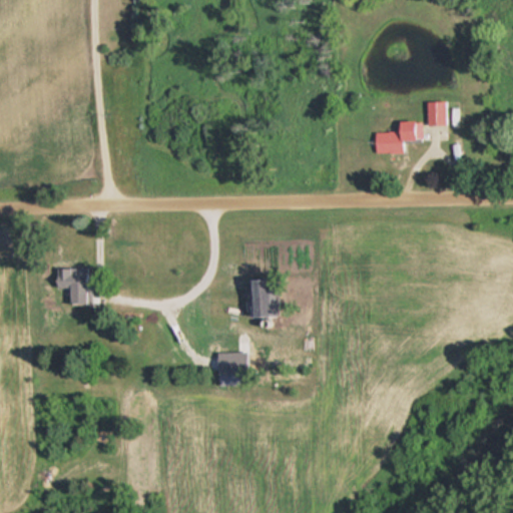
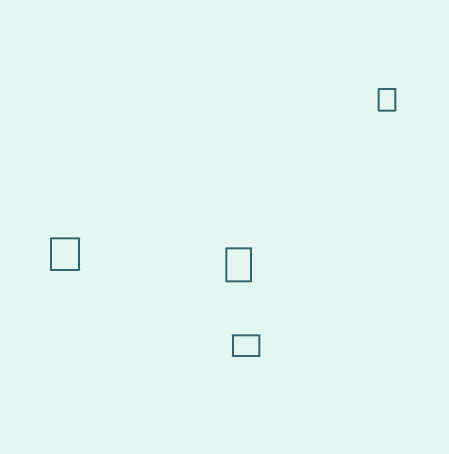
building: [375,121,419,153] -> none
building: [216,353,246,376] -> [233,335,260,356]

